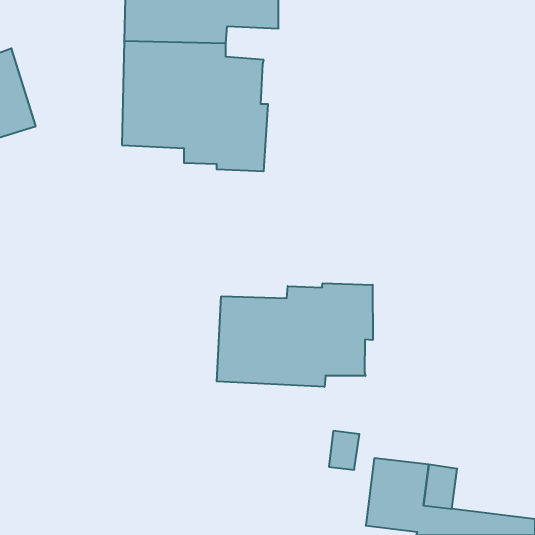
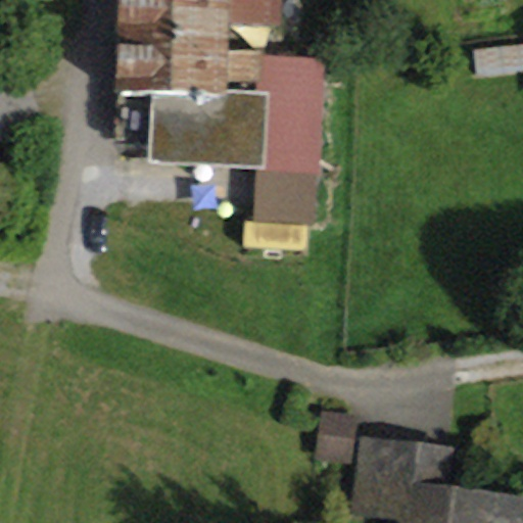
building: none -> [253,62,319,224]
building: [217,283,373,387] -> none

